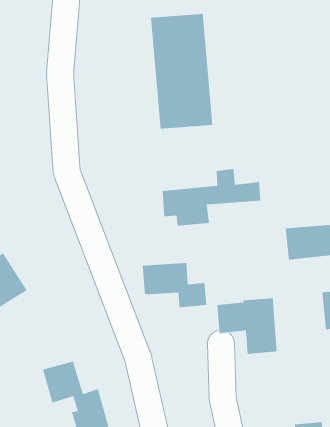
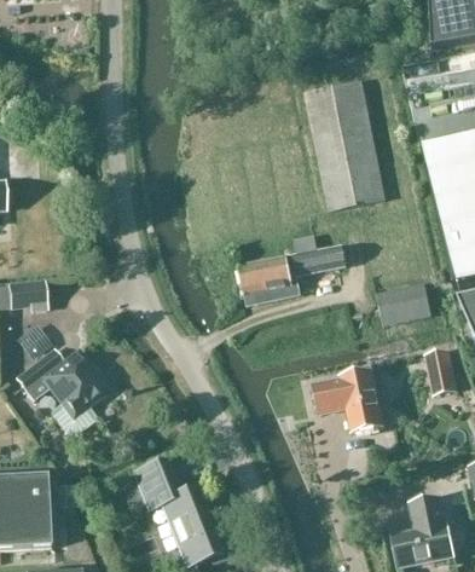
building: [150,14,213,129] -> [305,80,386,209]
building: [142,262,207,308] -> none

